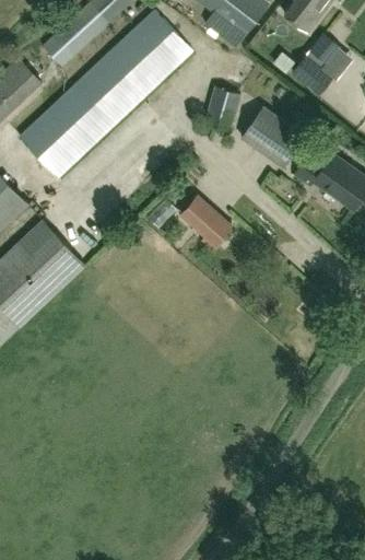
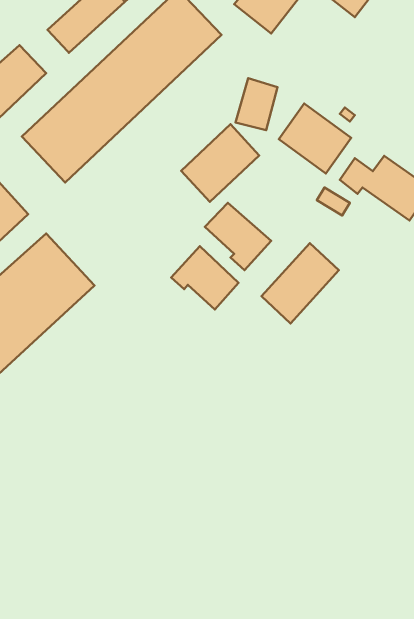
building: [292,33,342,93] -> none
building: none -> [181,124,259,202]
building: none -> [261,243,339,323]
building: none -> [171,246,238,310]

